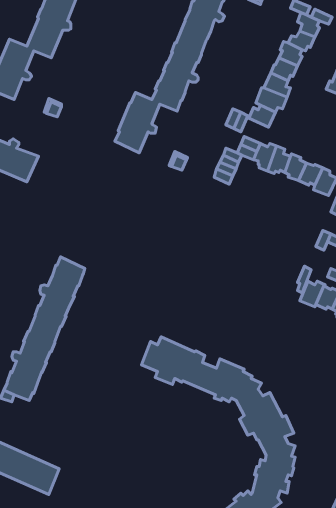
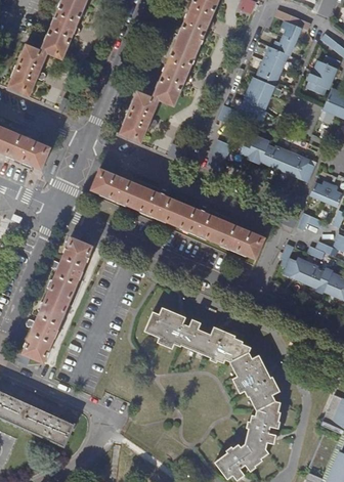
building: none -> [91,169,266,260]

